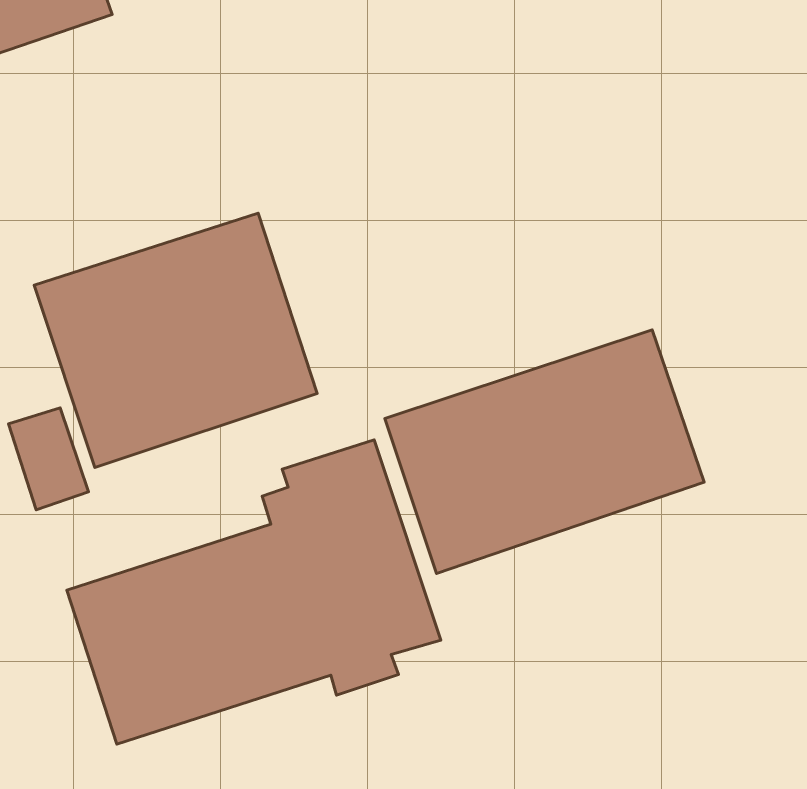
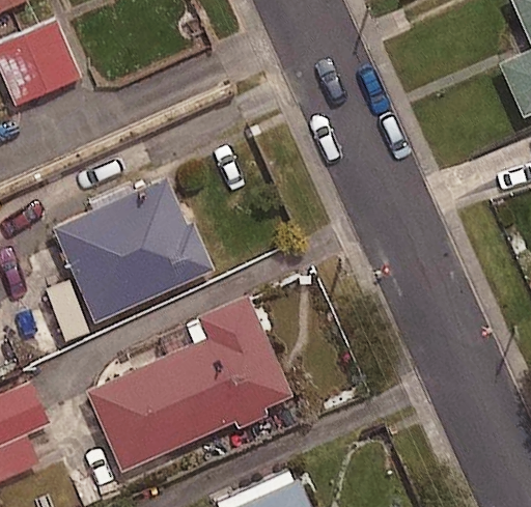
building: [385,330,704,573] -> none

